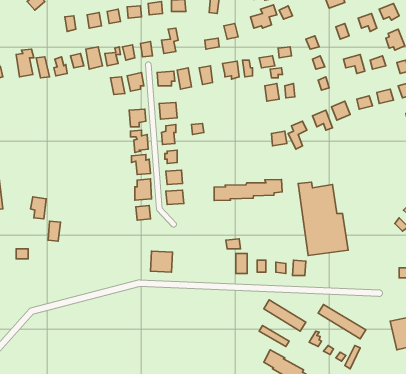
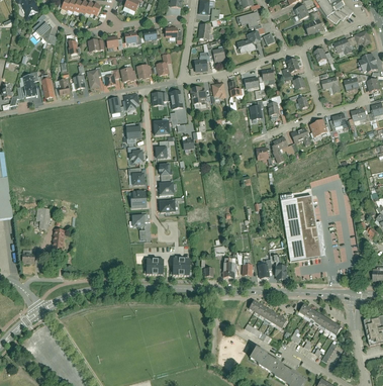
building: [214,180,282,200] -> none
building: none -> [172,256,192,275]

